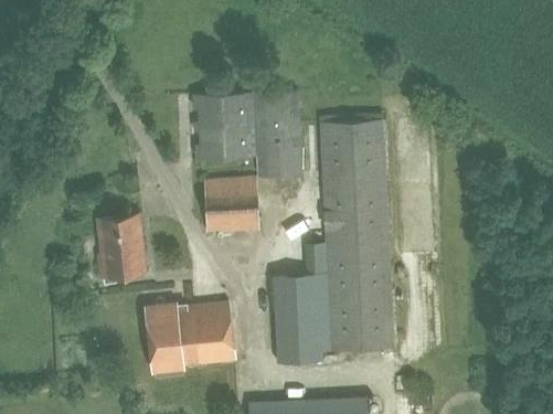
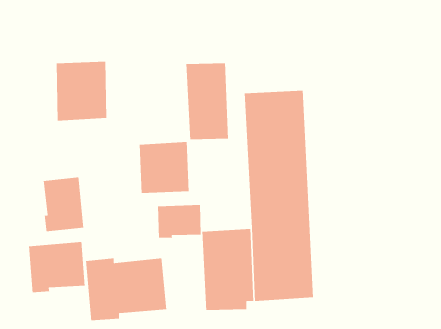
building: [195,93,252,159] -> [56,61,107,121]
building: none -> [157,204,202,239]
building: none -> [28,241,86,293]

